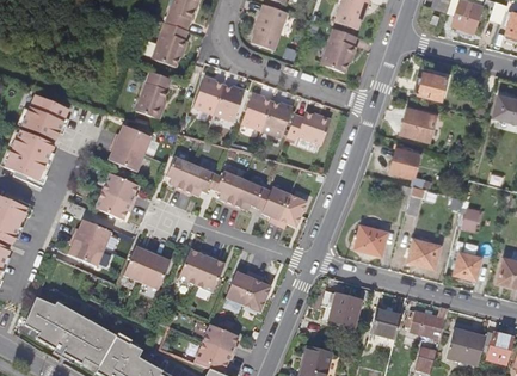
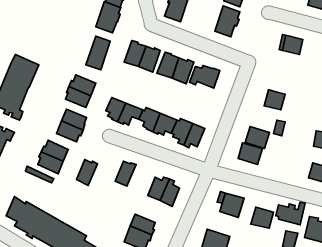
building: [400,103,437,140] -> none
building: [405,236,439,267] -> [245,127,269,148]
building: [140,252,170,290] -> none
building: [195,253,224,292] -> none

